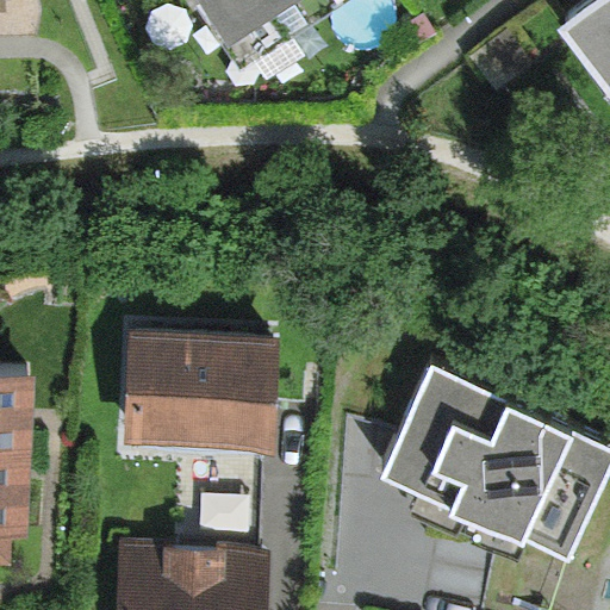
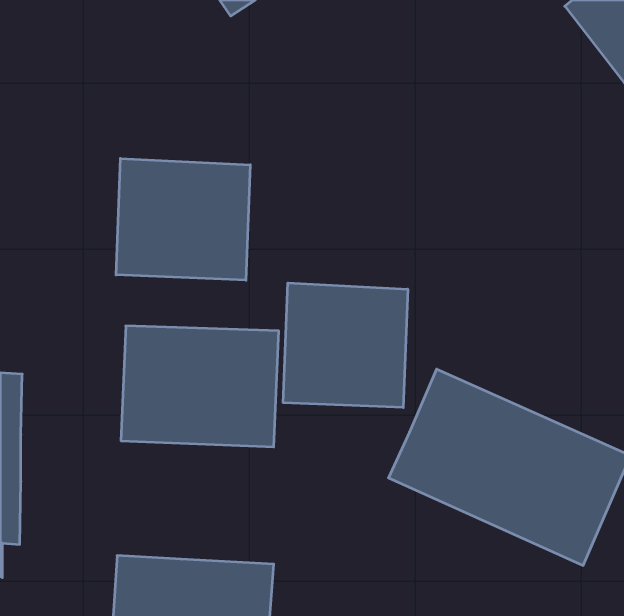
building: none -> [116,158,250,280]
building: none -> [283,283,408,408]

